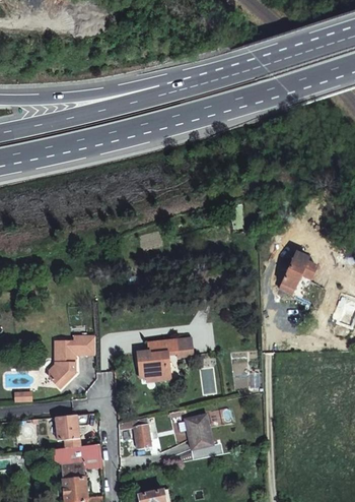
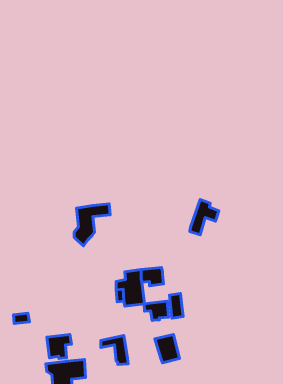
building: [280,250,314,292] -> [190,200,219,235]
building: [50,340,92,390] -> [74,204,110,246]
building: none -> [144,301,169,321]

